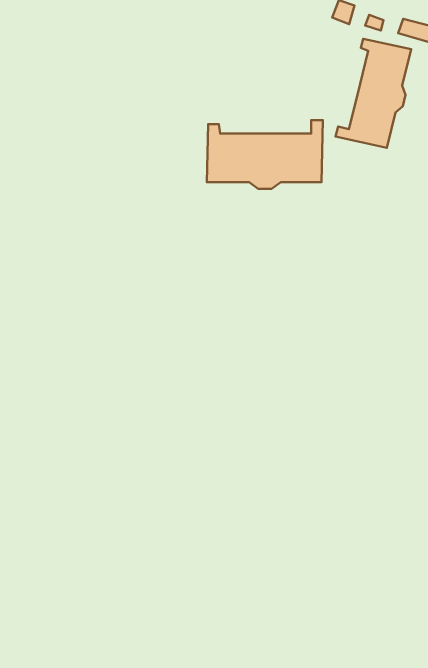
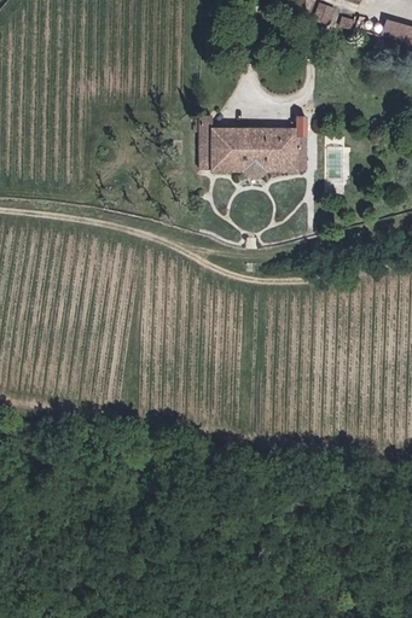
building: [336,39,411,148] -> none

